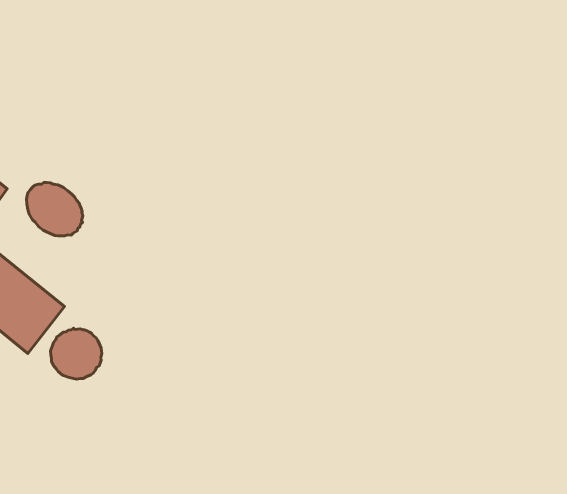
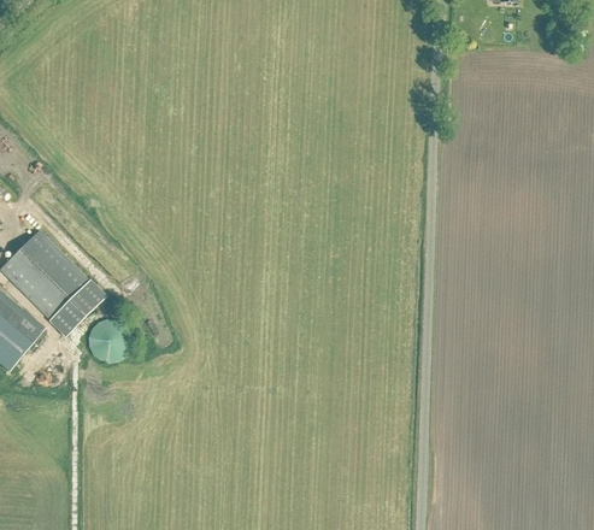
building: [26,182,83,236] -> none

